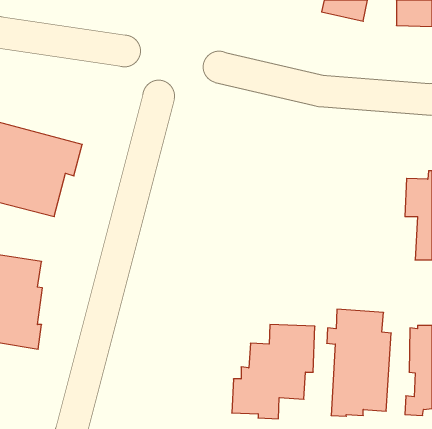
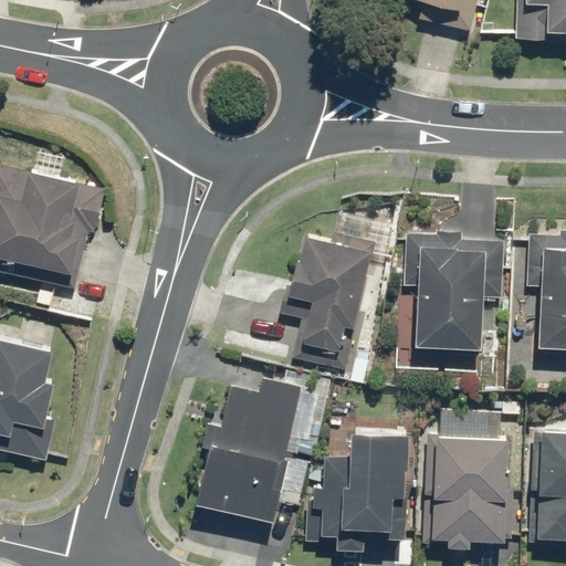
building: none -> [403,232,489,349]
building: none -> [283,234,379,374]
building: none -> [199,384,301,517]

